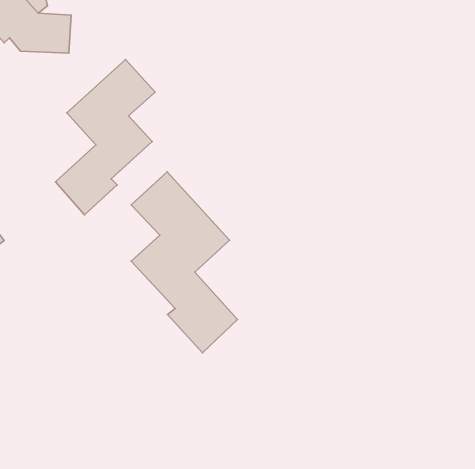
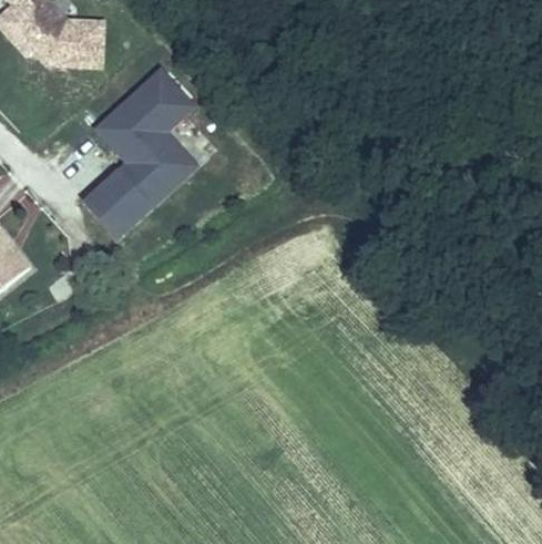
building: [131,172,237,353] -> none

